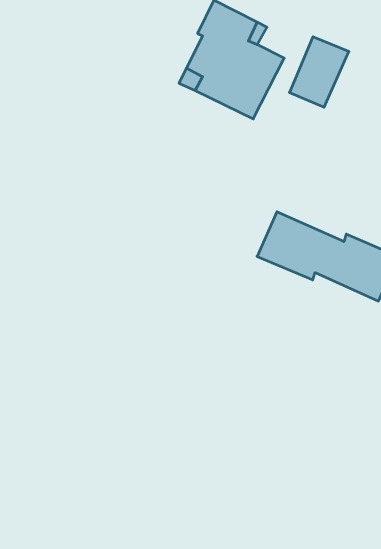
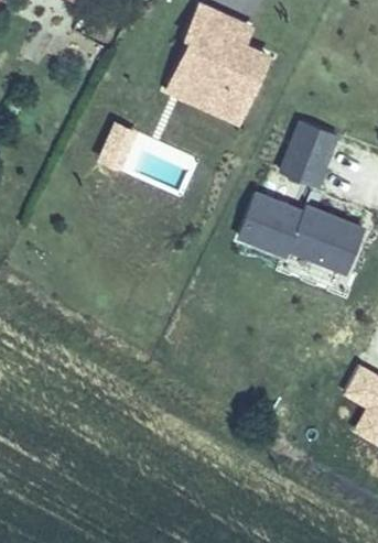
building: [289,37,349,107] -> [285,124,338,187]

